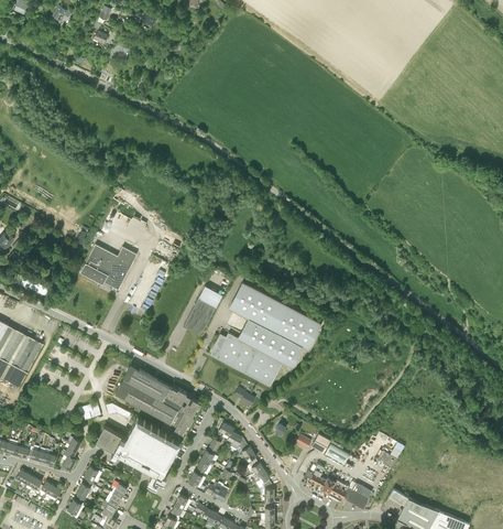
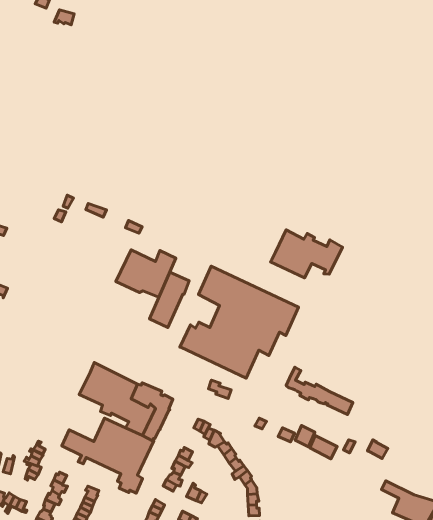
building: [79,245,135,290] -> [116,250,176,297]
building: none -> [271,230,342,278]
building: [308,464,369,510] -> [286,367,353,415]

